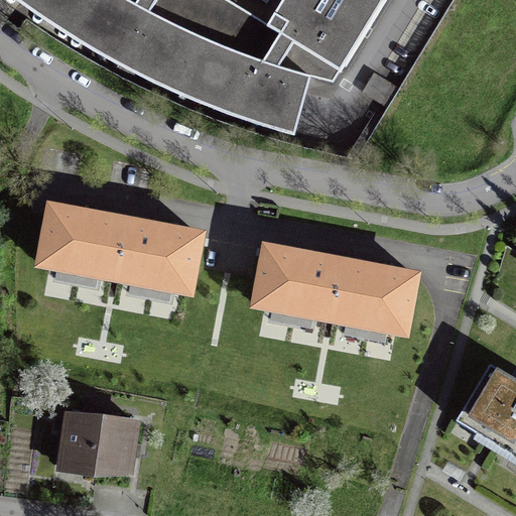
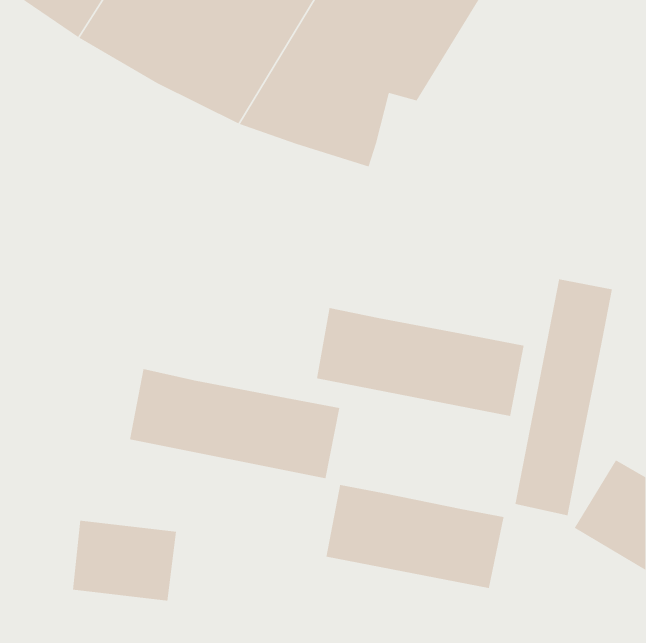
building: [37,204,206,291] -> [129,369,340,479]
building: none -> [515,279,612,516]
building: none -> [326,484,504,589]

